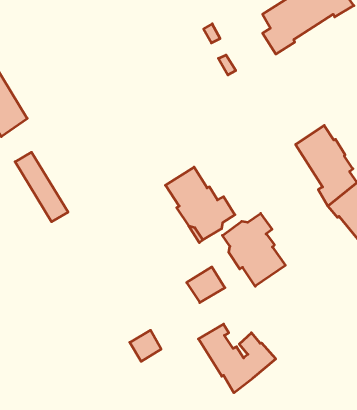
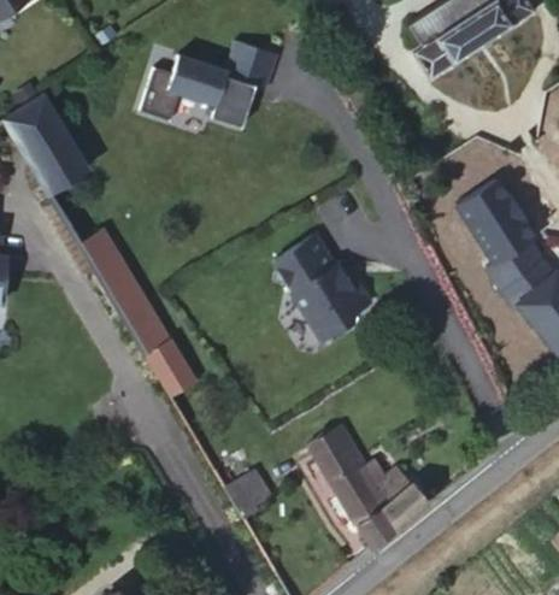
building: none -> [143,43,280,130]
building: none -> [119,298,193,395]
building: [222,213,285,286] -> none
building: [187,267,225,303] -> [305,424,358,473]

